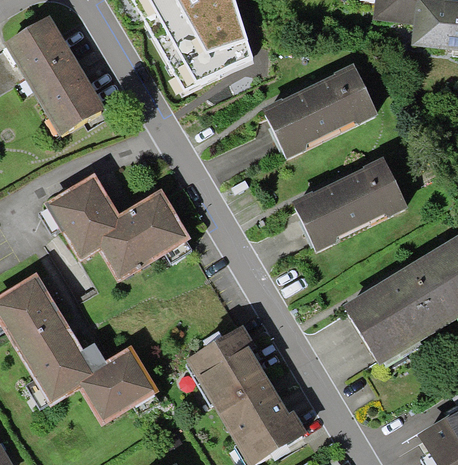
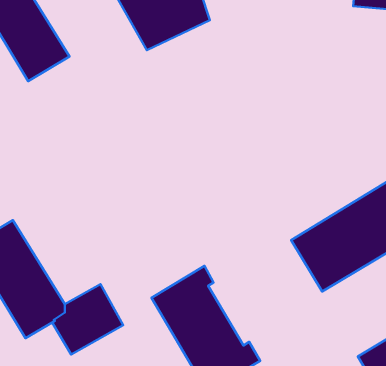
building: [262,62,377,158] -> none
building: [293,156,406,248] -> none
building: [49,182,193,286] -> none

